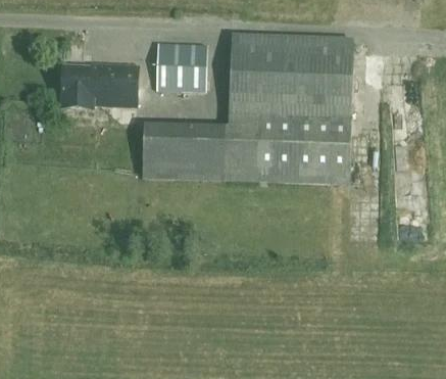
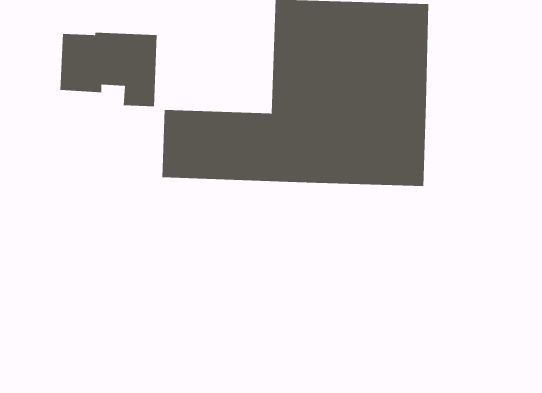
building: [155,40,207,90] -> none

